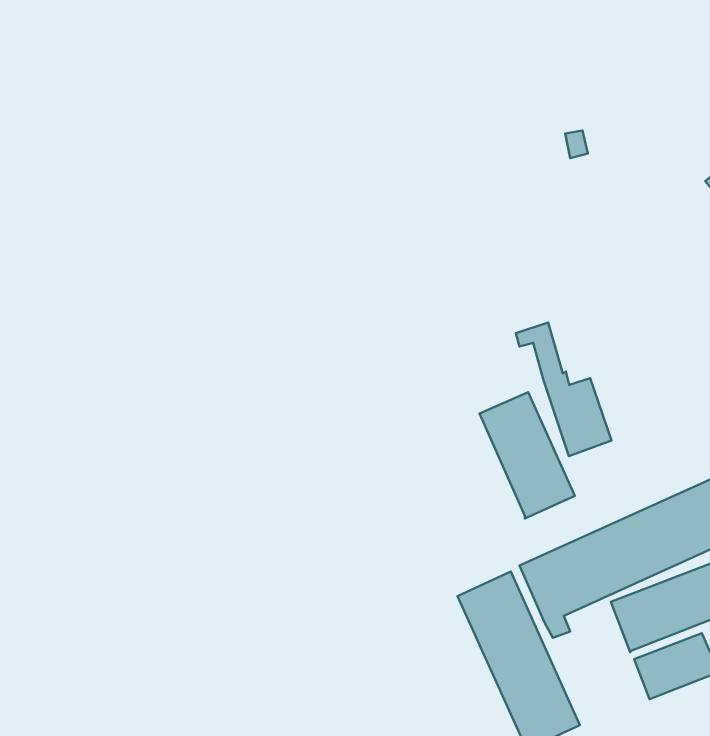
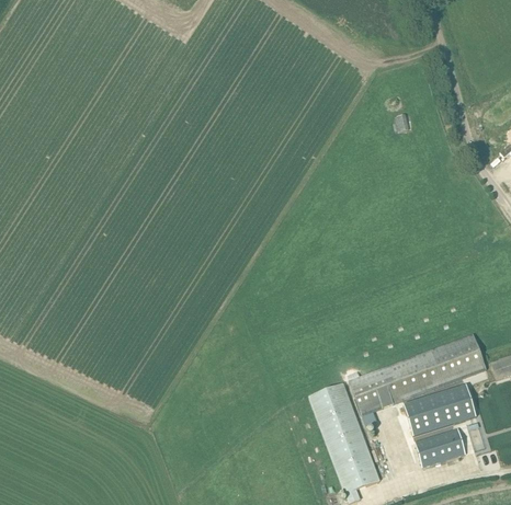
building: [516,323,611,456] -> none
building: [479,392,575,518] -> none

